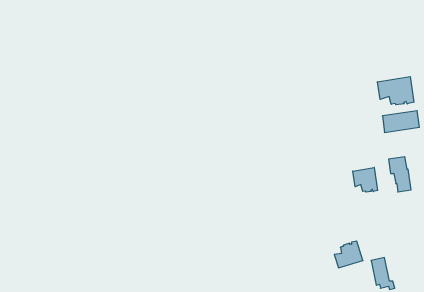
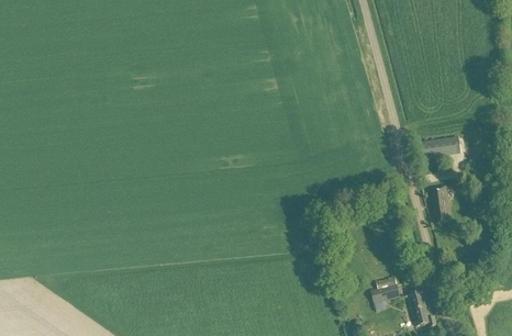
building: [377,77,414,105] -> none
building: [353,167,378,192] -> none

